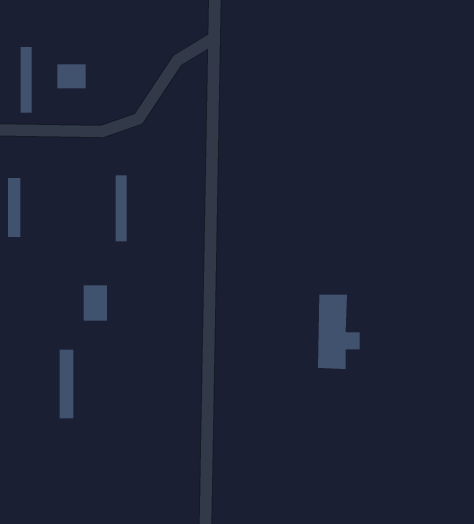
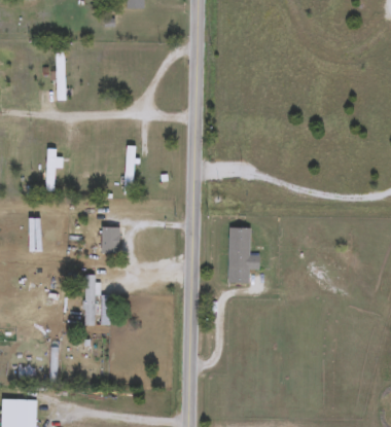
building: [57,64,86,89] -> none
building: [317,294,361,369] -> [228,227,260,283]

